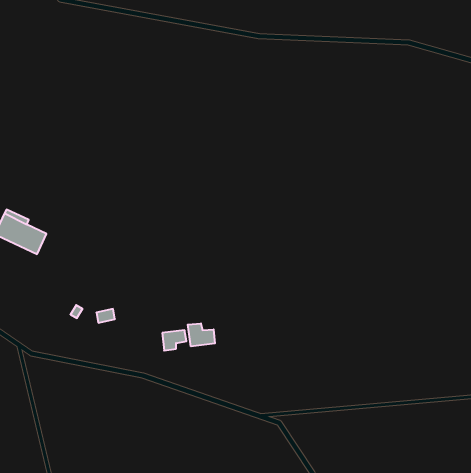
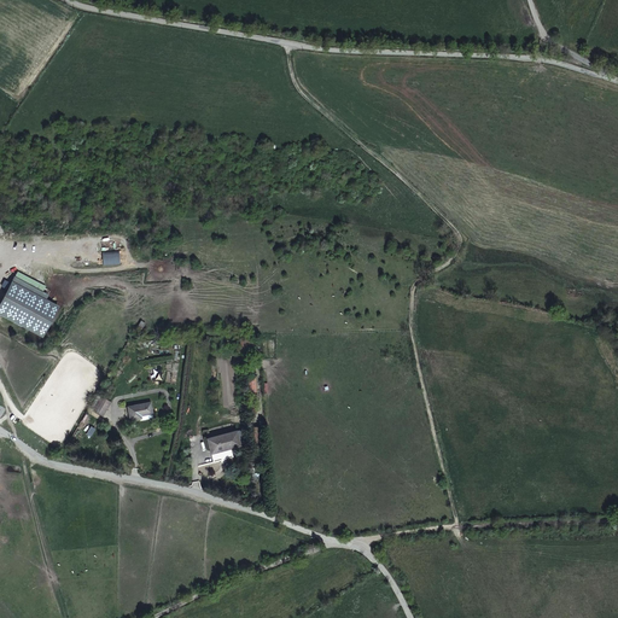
building: [188,323,215,346] -> none

